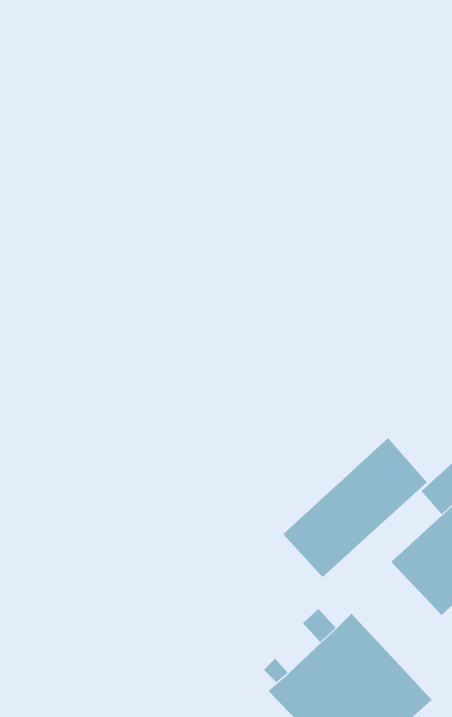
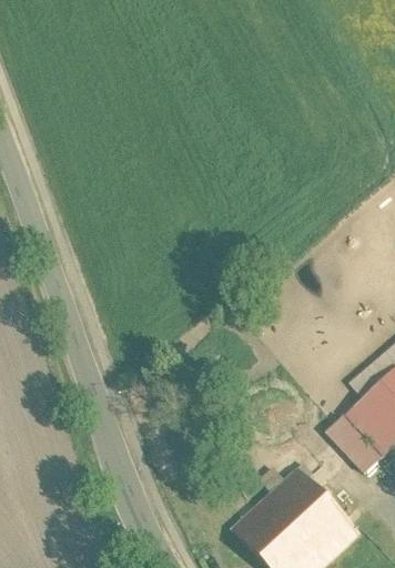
building: [283,437,428,578] -> none

